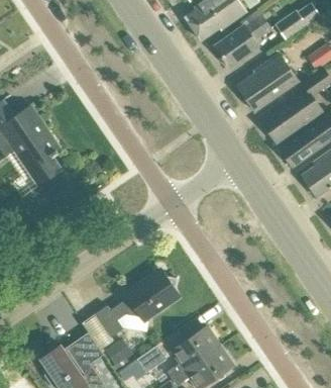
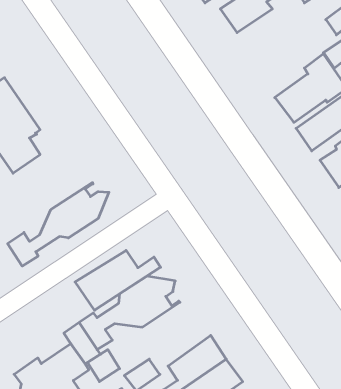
building: [237,54,299,111] -> none
building: none -> [8,183,109,266]
building: none -> [75,250,161,310]

